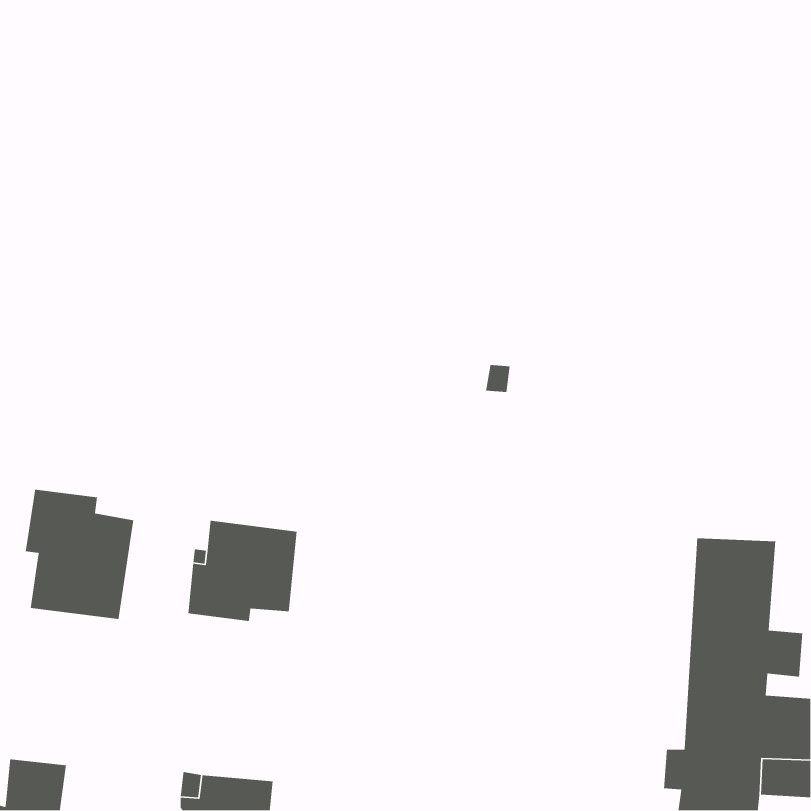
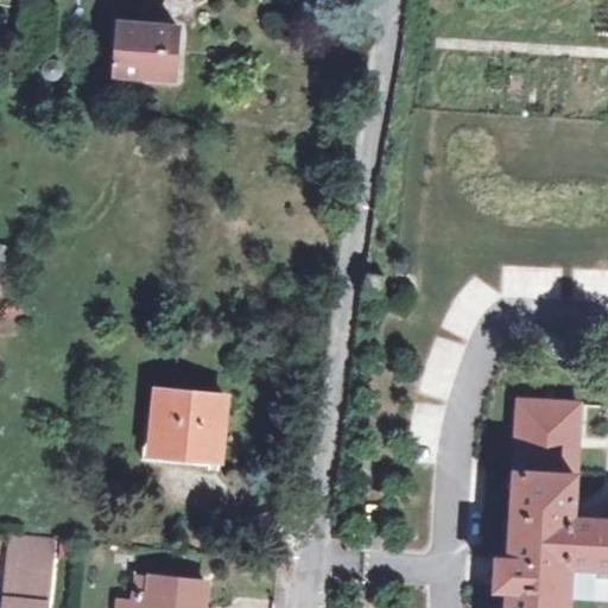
building: none -> [118,23,178,77]
building: [25,489,134,620] -> none
building: none -> [7,534,52,571]

